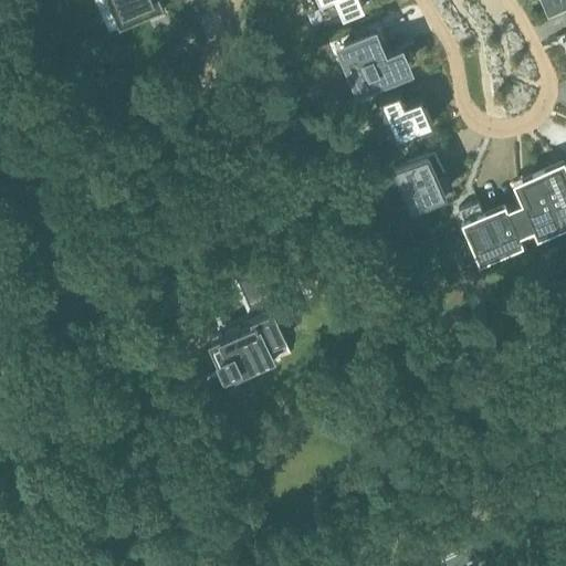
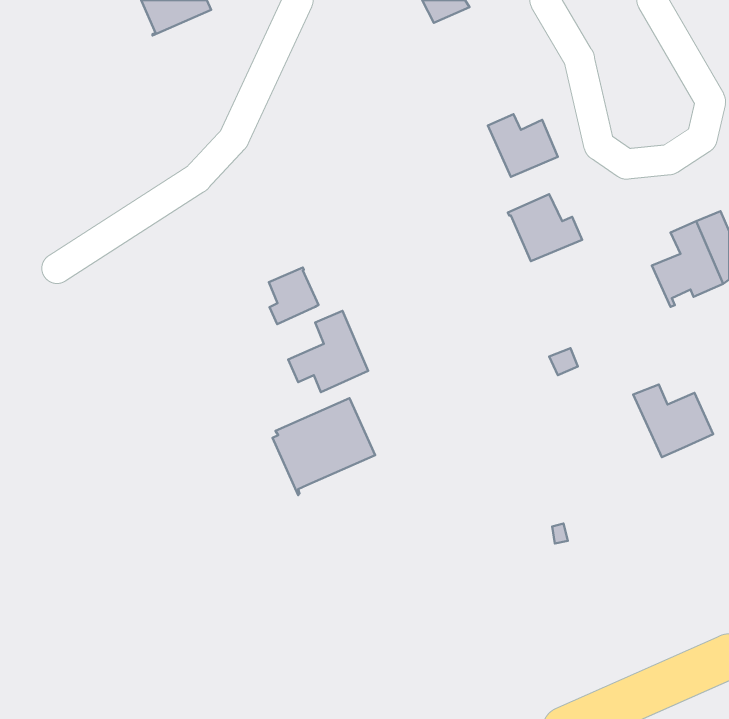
building: [343,38,407,92] -> none
building: [458,207,520,263] -> [633,384,713,457]
building: none -> [269,267,318,324]

